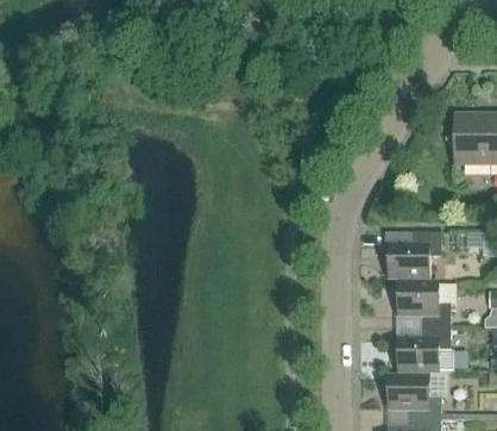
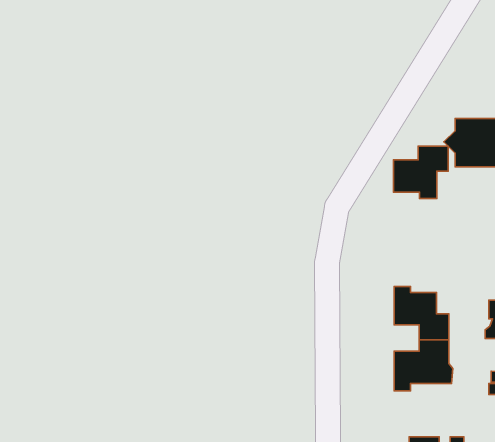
building: [388,232,440,282] -> [393,146,448,198]
building: [388,369,440,420] -> none

